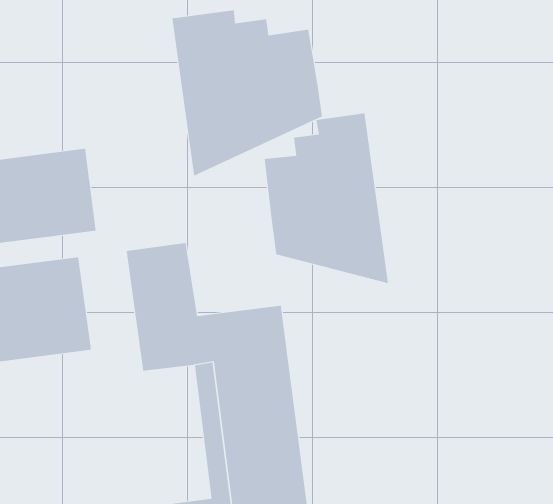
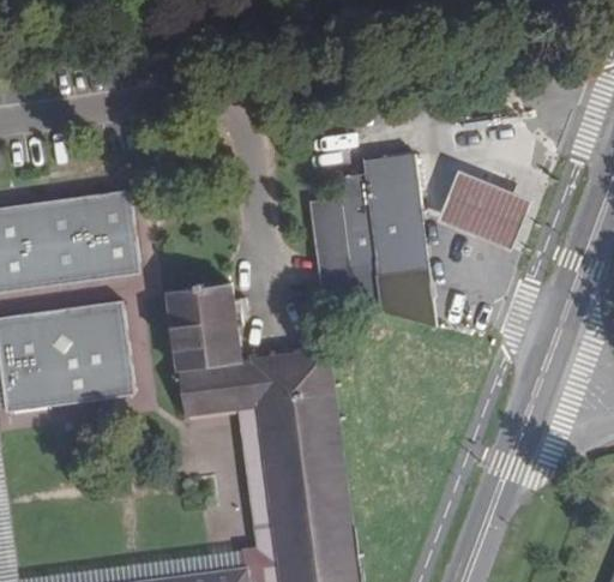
building: [172,10,322,176] -> none
building: none -> [440,173,530,251]

